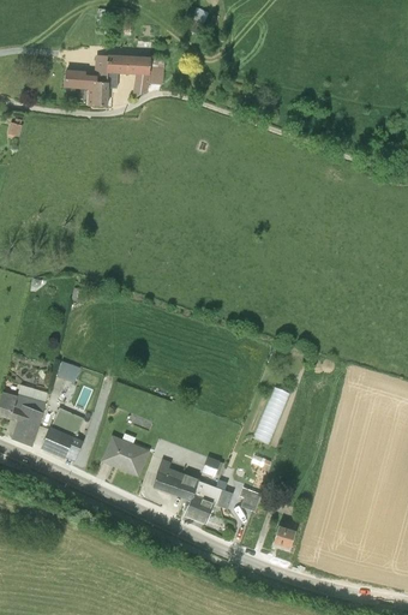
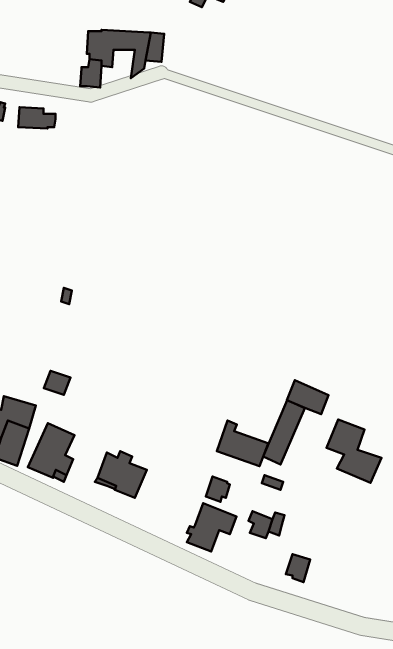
building: [62,71,96,90] -> [18,107,56,129]
building: none -> [287,380,329,414]
building: none -> [327,419,381,483]
building: [152,459,198,500] -> [217,421,268,466]

